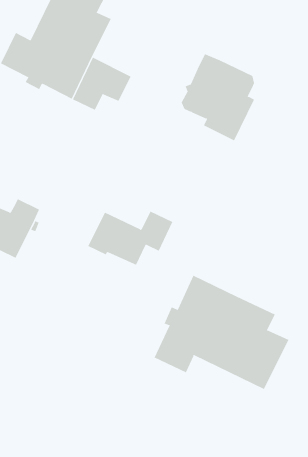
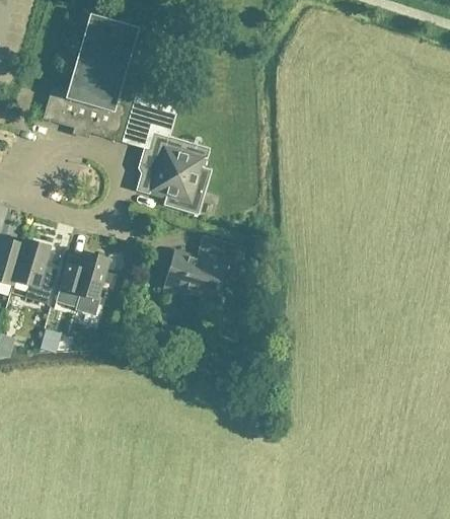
building: [181,53,255,141] -> [136,132,210,215]
building: [154,275,289,390] -> none

